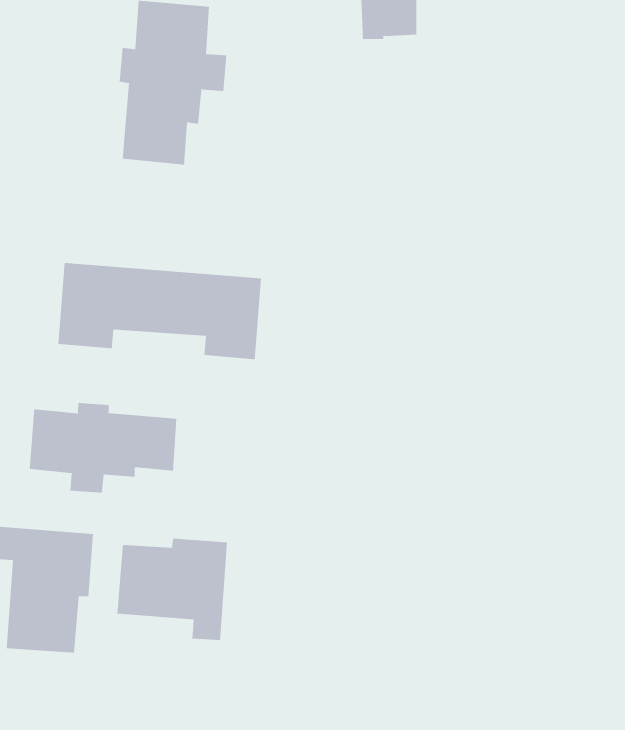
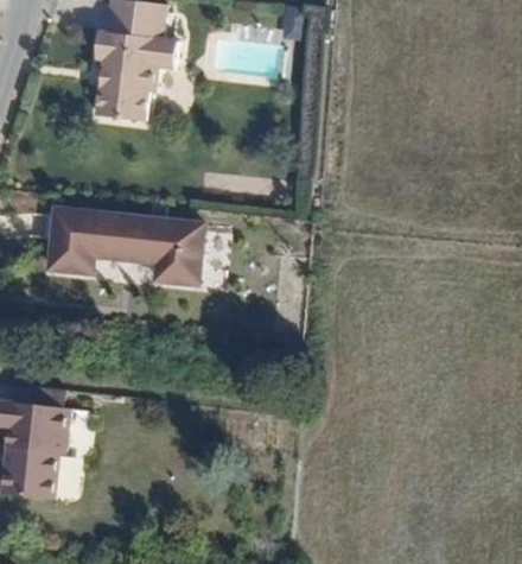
building: [29,402,177,494] -> none
building: [117,538,227,641] -> none

